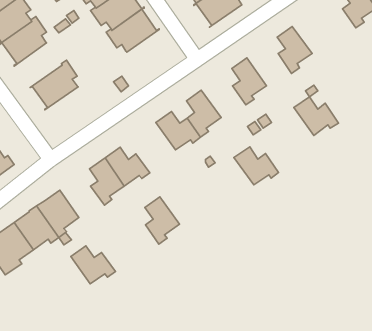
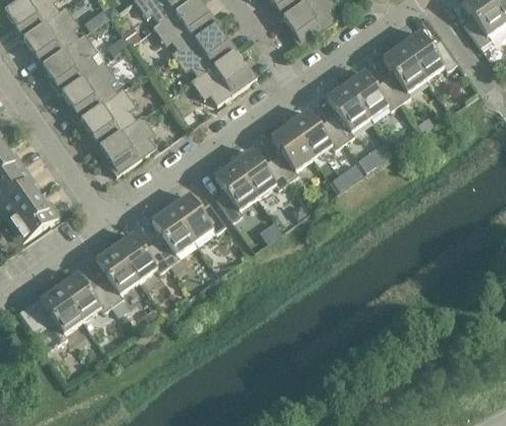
building: none -> [401,31,456,77]
building: none -> [191,48,257,103]
building: none -> [58,59,117,119]
building: none -> [96,113,156,174]
building: [294,97,338,136] -> [345,69,400,117]
building: [234,147,279,185] -> [289,109,344,156]
building: [145,197,180,244] -> [214,162,257,220]
building: [71,246,116,284] -> [114,232,169,279]

